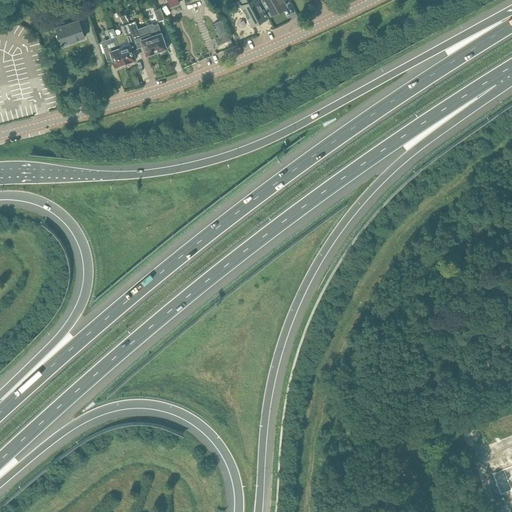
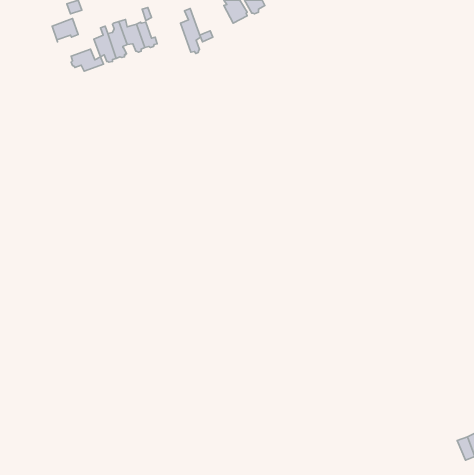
building: none -> [180,8,201,53]
building: none -> [71,49,104,71]

